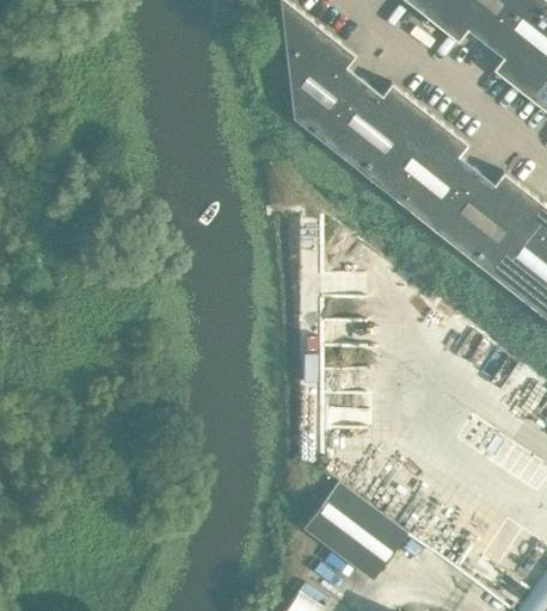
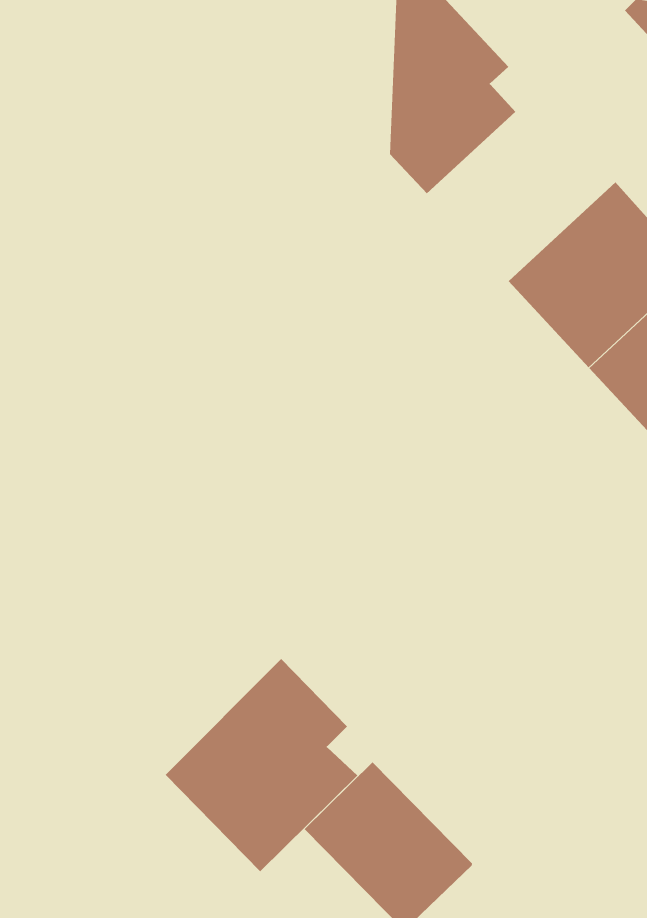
building: [319,82,430,184] -> none
building: none -> [165,658,358,872]

